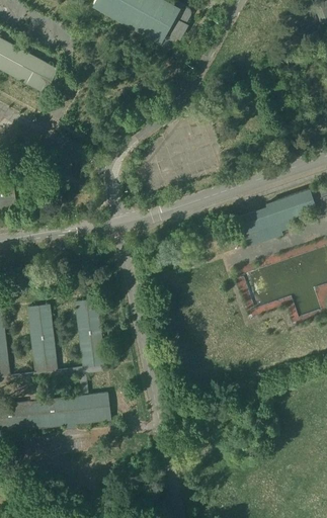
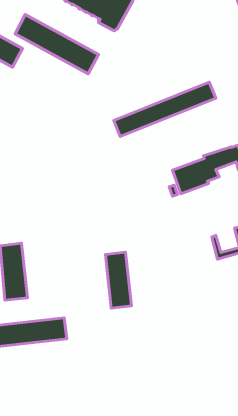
building: none -> [15,14,99,74]
building: none -> [114,82,216,137]
building: [74,298,105,366] -> [105,252,131,308]

